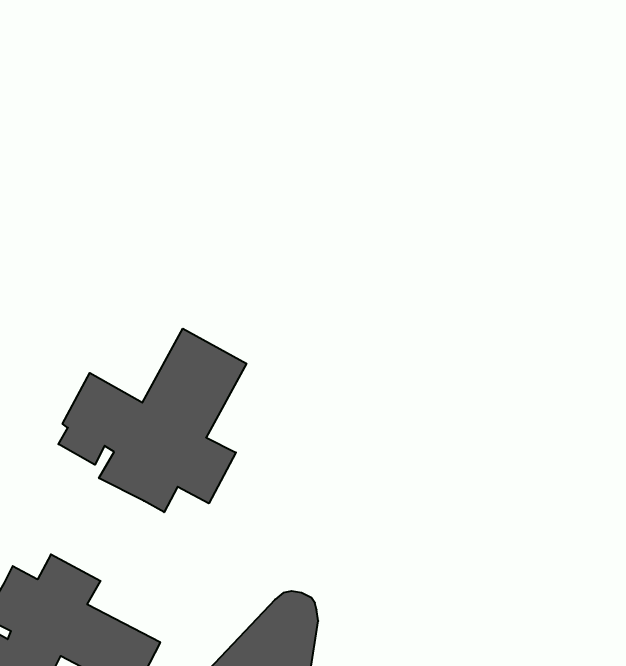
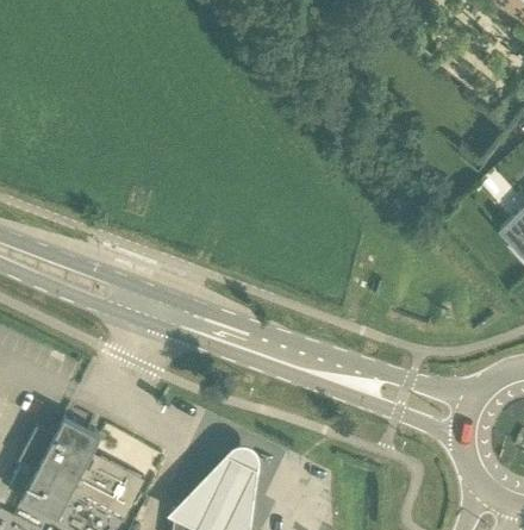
building: [58,329,246,512] -> none

